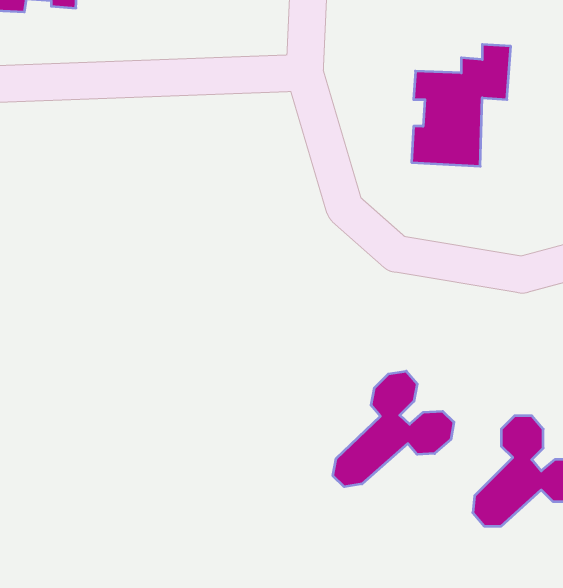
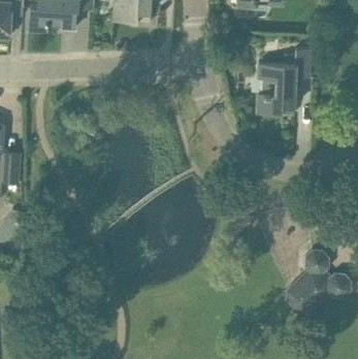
building: [333,371,454,487] -> none

